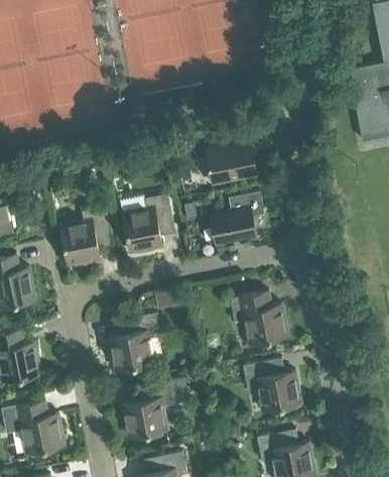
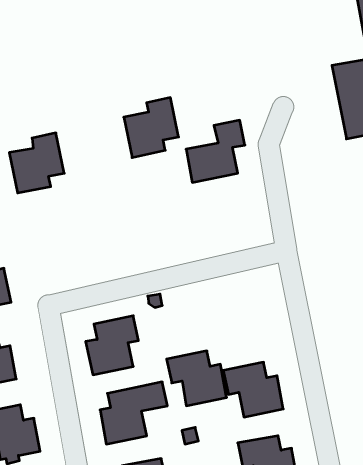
building: [211,193,265,245] -> none
building: [123,196,176,254] -> [124,98,179,158]
building: [60,208,114,266] -> [9,133,64,193]
building: [230,292,288,346] -> [167,351,227,406]

